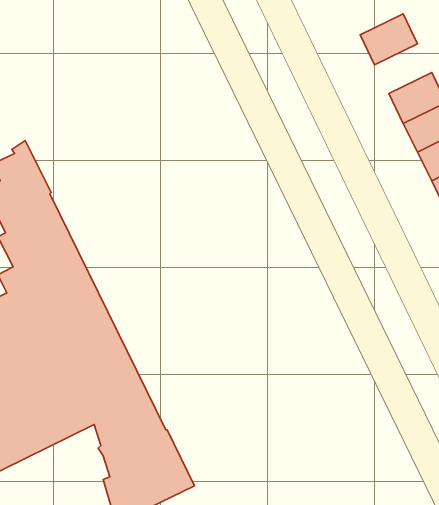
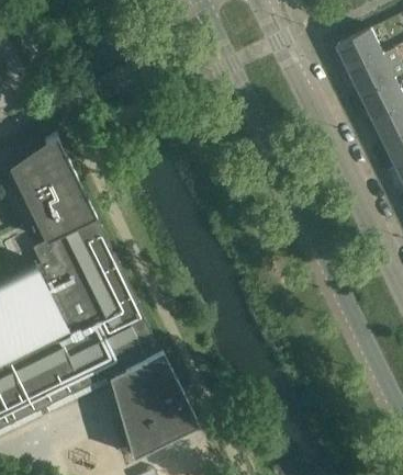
building: none -> [348,55,396,97]

